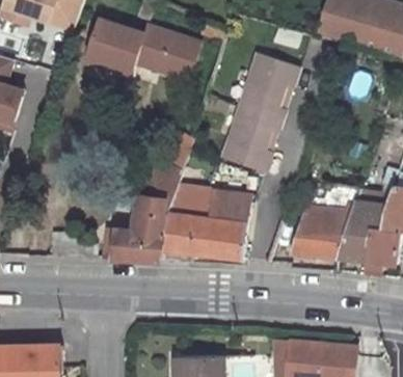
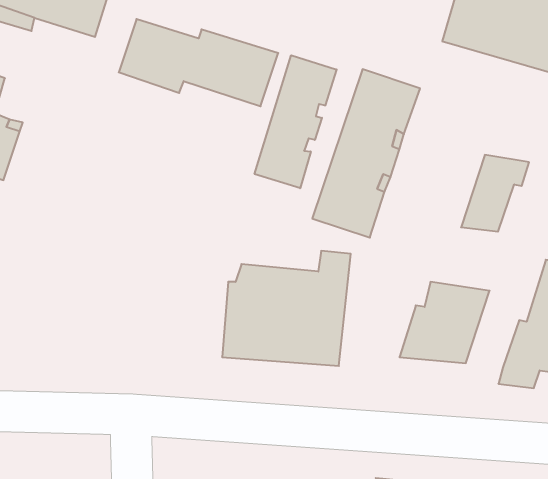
building: none -> [255,55,337,188]
building: [103,130,193,263] -> none
building: [333,208,381,262] -> [461,155,529,232]

